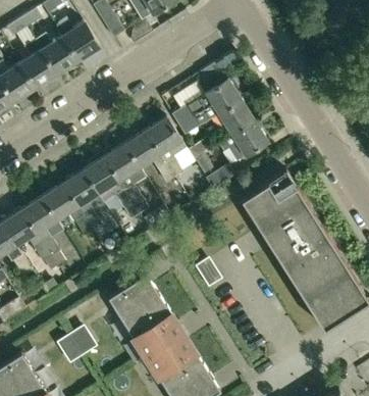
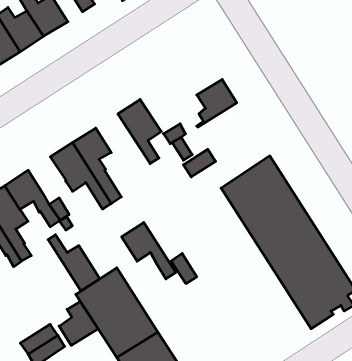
building: [171,80,242,135] -> none
building: [219,121,267,161] -> none
building: [125,132,175,184] -> [122,222,176,279]
building: [63,171,98,206] -> none
building: none -> [48,235,100,291]
building: none -> [59,302,98,345]

